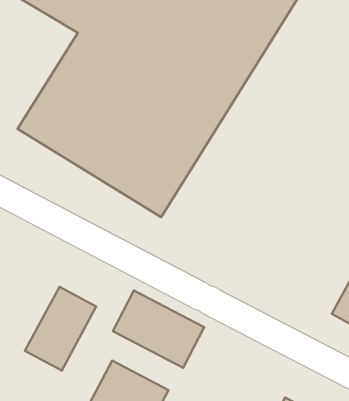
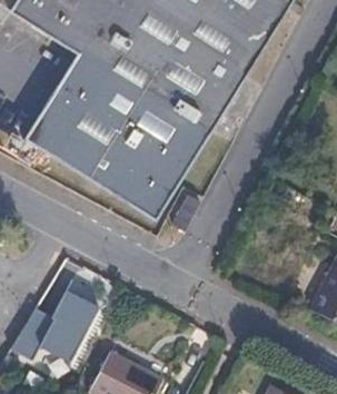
building: [113,290,204,368] -> none

